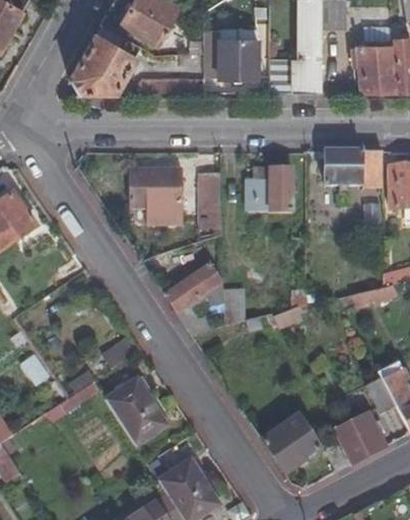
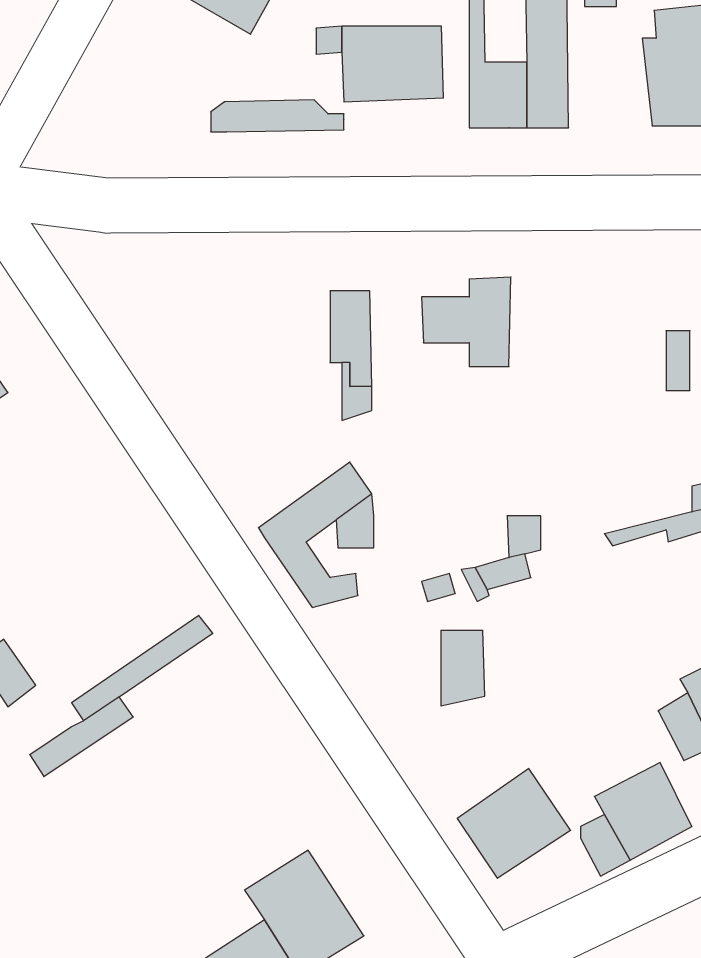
building: [68,31,135,91] -> none
building: [324,150,383,185] -> none
building: [127,168,180,224] -> none
building: [221,287,244,326] -> [441,630,485,706]
building: [104,379,164,444] -> none

